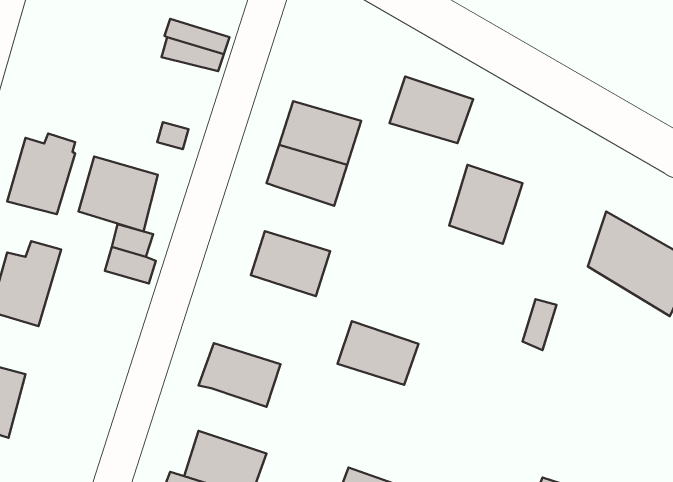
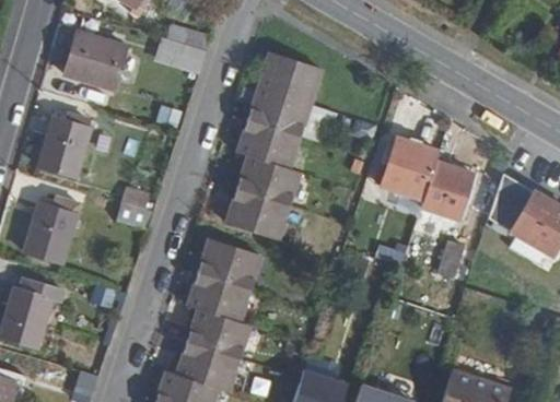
building: [390,77,473,143] -> [258,51,323,103]
building: [78,156,158,231] -> [63,31,125,88]
building: none -> [236,154,298,203]
building: none -> [418,161,469,218]
building: [338,321,418,385] -> [197,241,259,291]
building: none -> [185,309,247,359]

